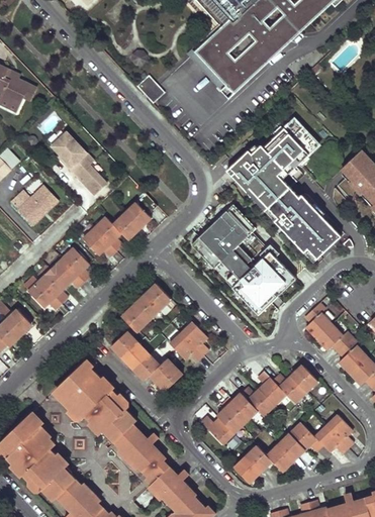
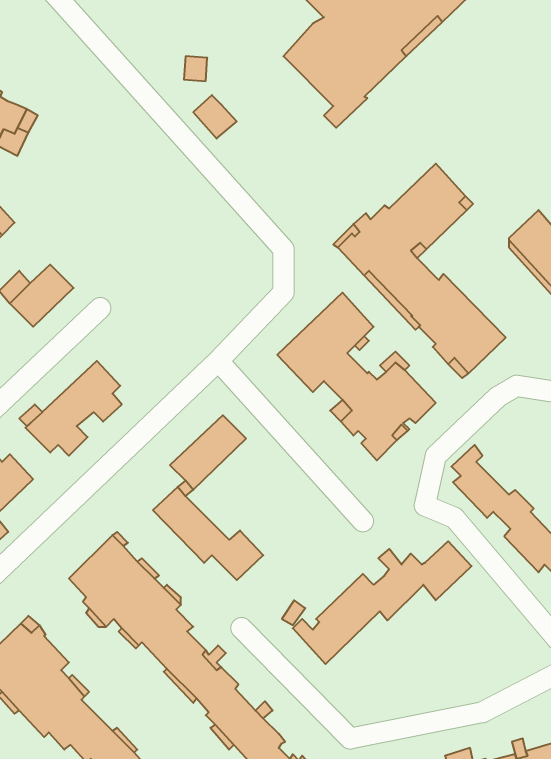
building: [51,132,106,195] -> none
building: [83,202,152,257] -> none
building: [169,321,208,361] -> none
building: [233,415,354,484] -> none

